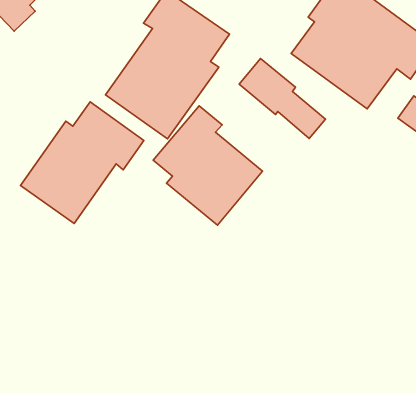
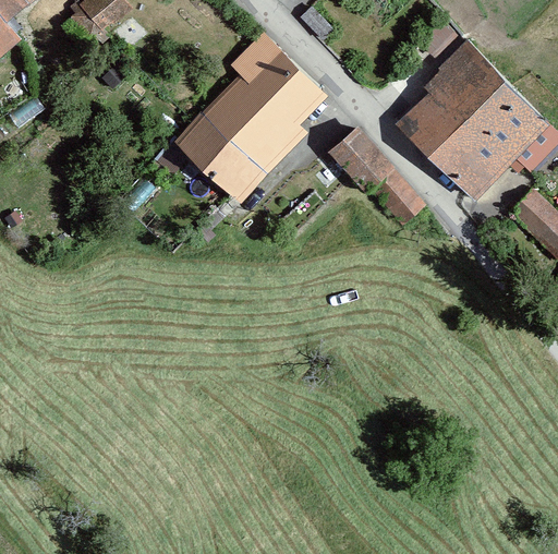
building: [21,102,144,223] -> none
building: [153,106,263,225] -> none

